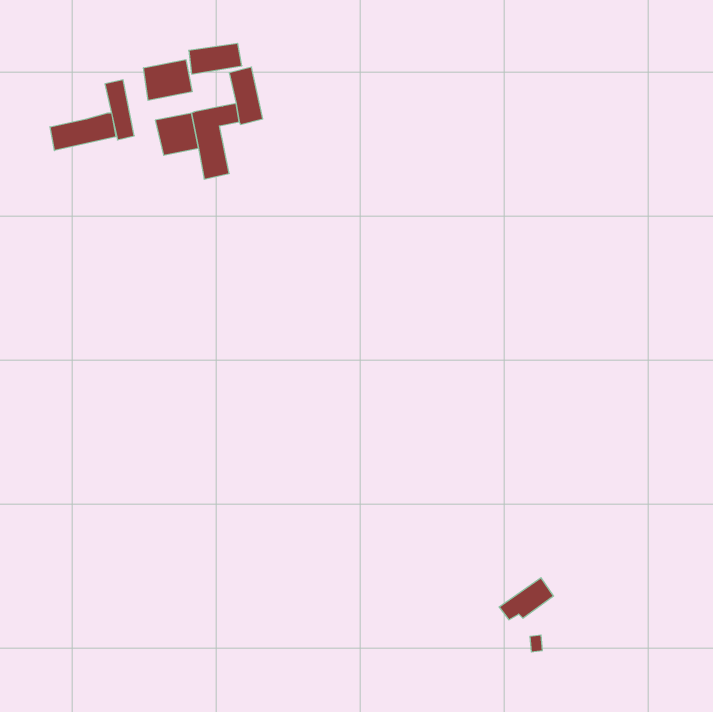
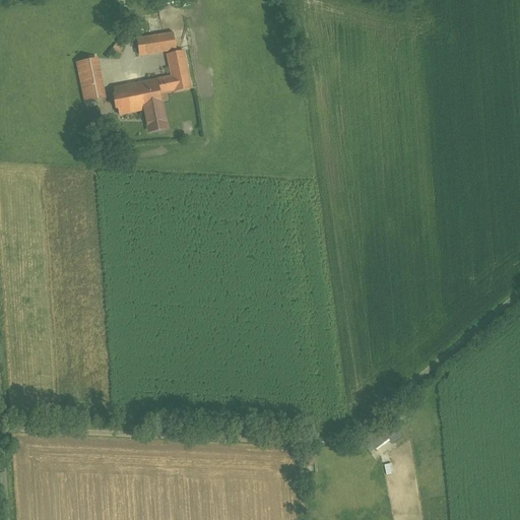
building: [144,60,192,100] -> none
building: [50,113,116,151] -> none

